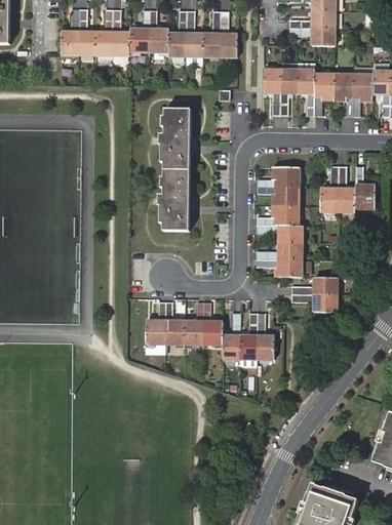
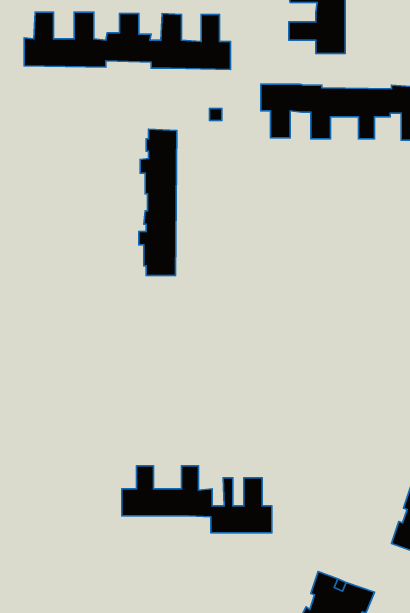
building: [319,166,373,212] -> none
building: [256,168,302,278] -> none
building: [290,278,336,312] -> none
building: [148,302,274,359] -> [122,466,272,533]

